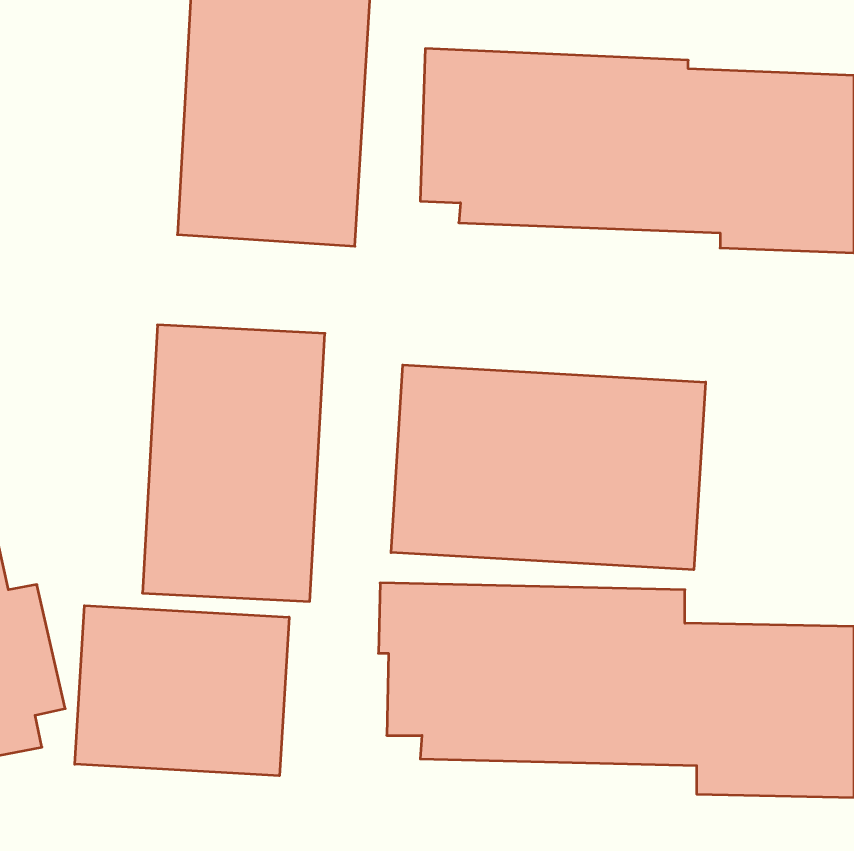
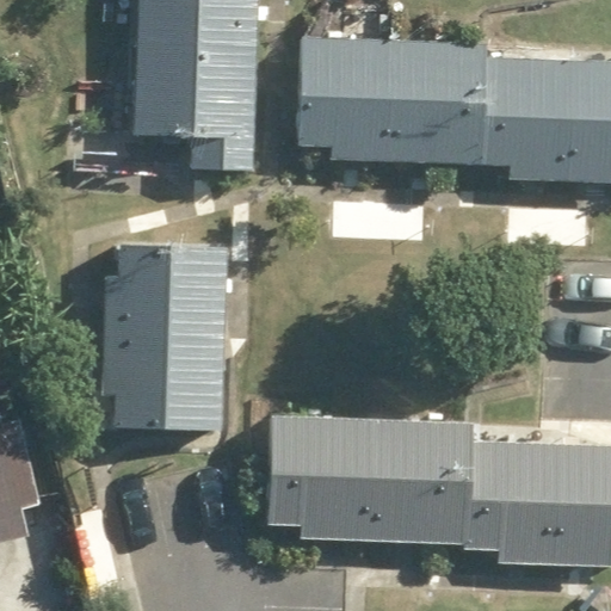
building: [391,365,706,570] -> none
building: [75,606,289,776] -> none

